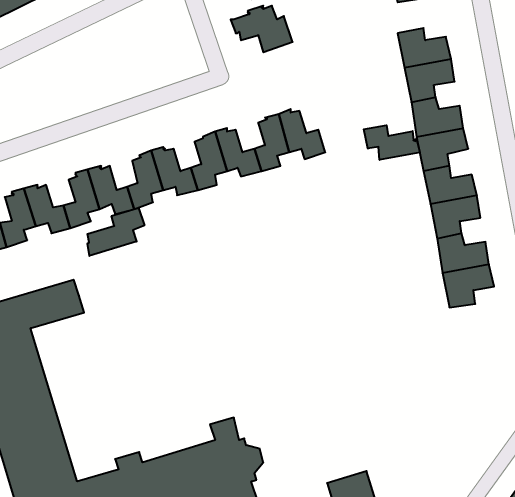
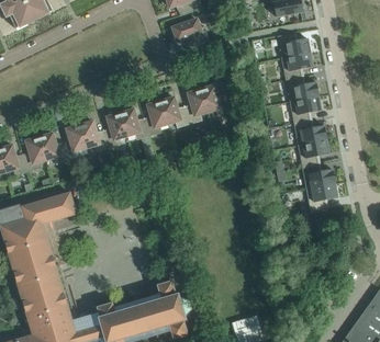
building: [364,125,420,160] -> none
building: [87,208,144,256] -> none

